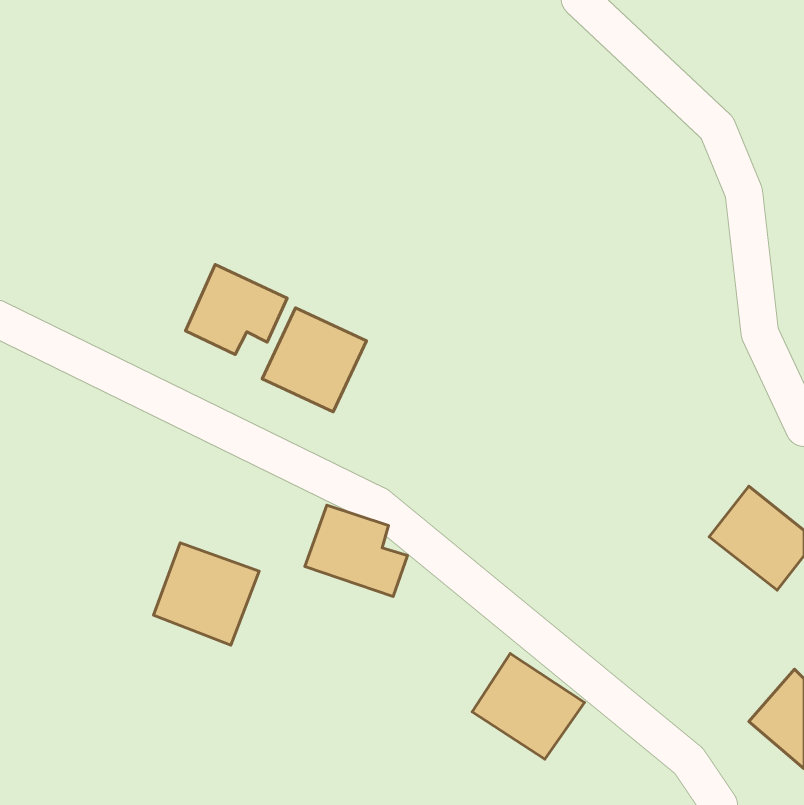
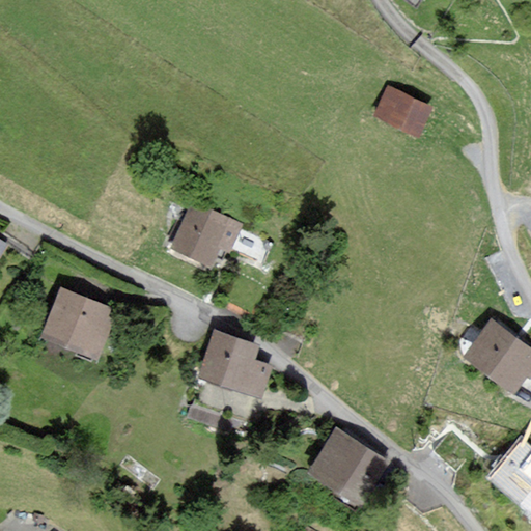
building: none -> [376,89,435,137]
building: [185,265,287,355] -> none
building: [153,543,259,645] -> [41,288,111,356]

